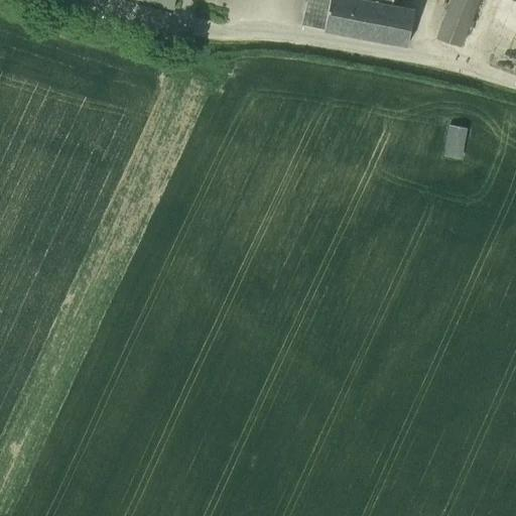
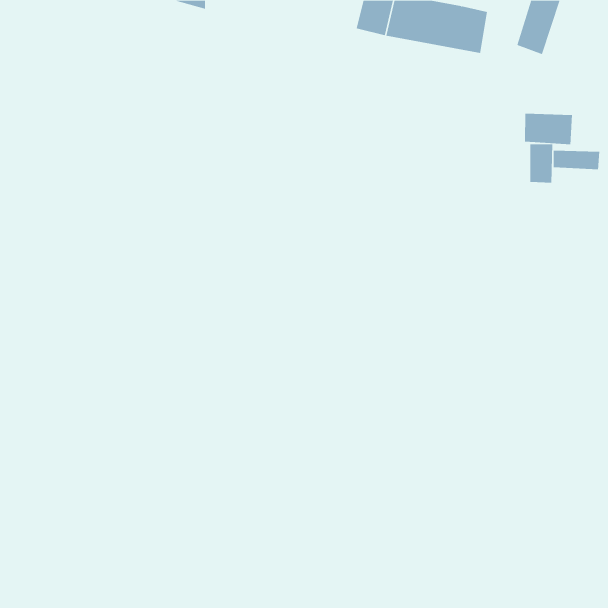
building: none -> [525,113,573,145]
building: none -> [553,150,600,170]

